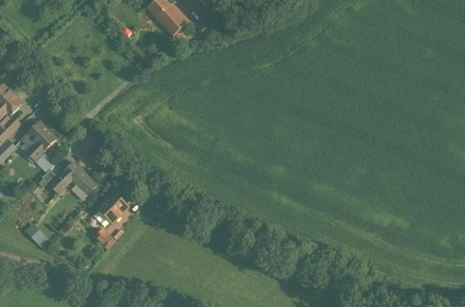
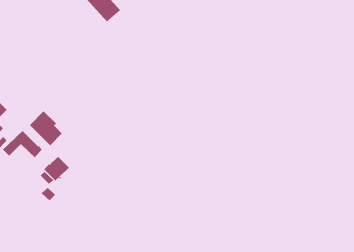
building: none -> [29,110,63,146]

